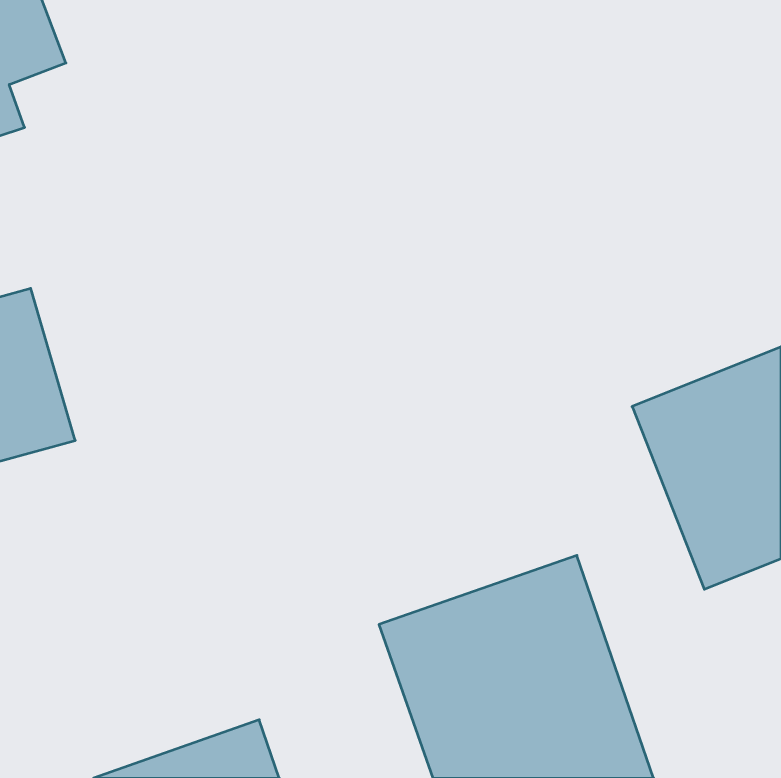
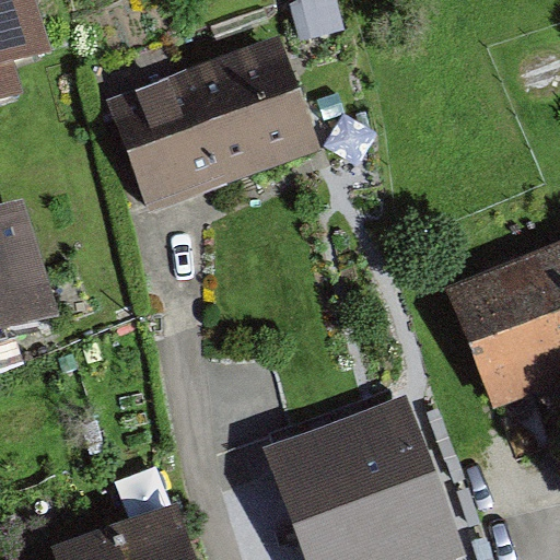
building: none -> [97,39,317,211]

